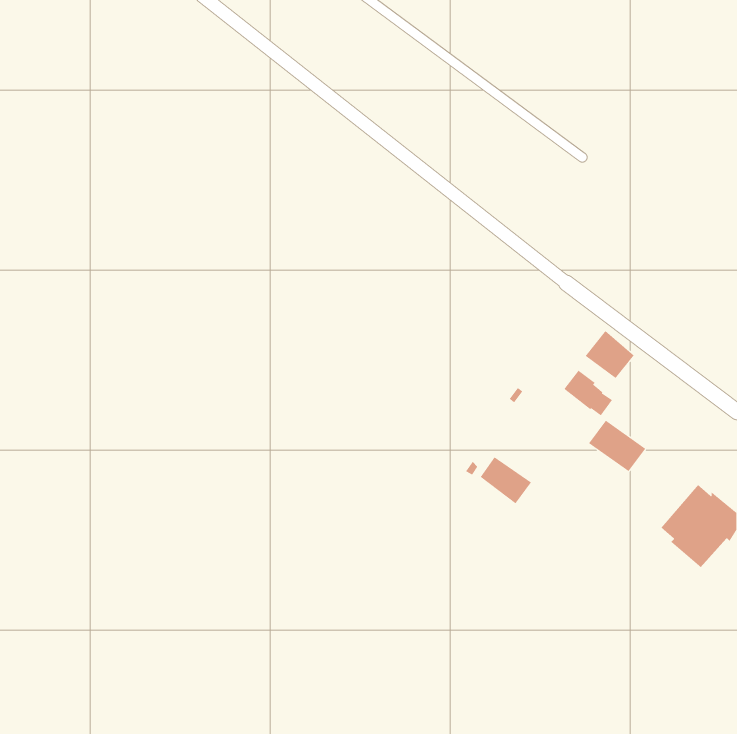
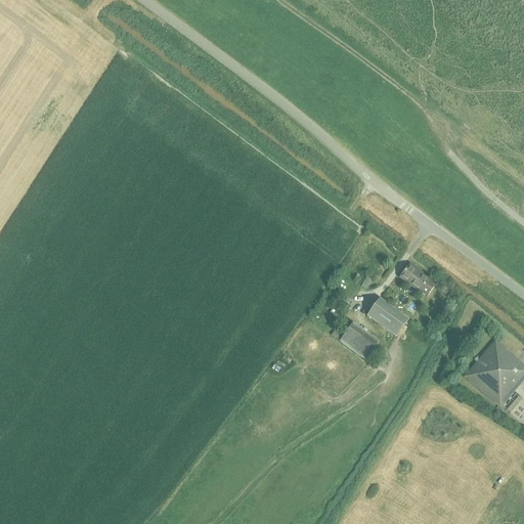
building: [585,330,635,379] -> none
building: [588,420,646,472] -> [366,297,407,334]

